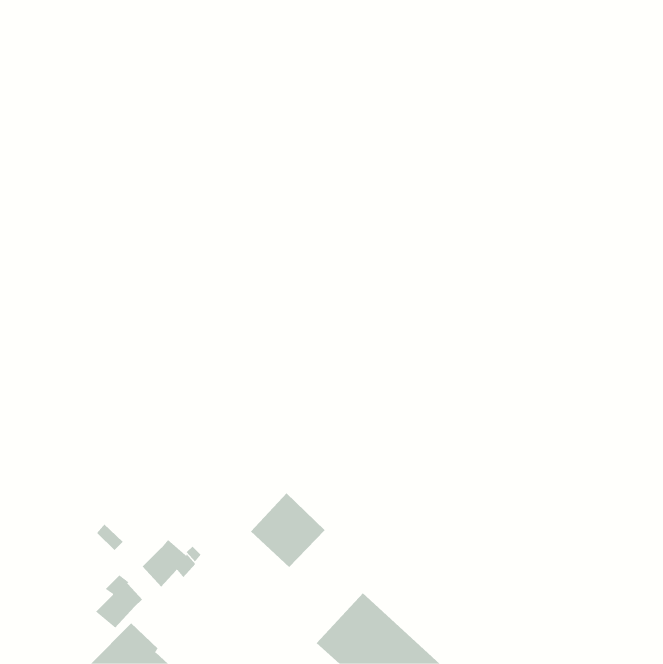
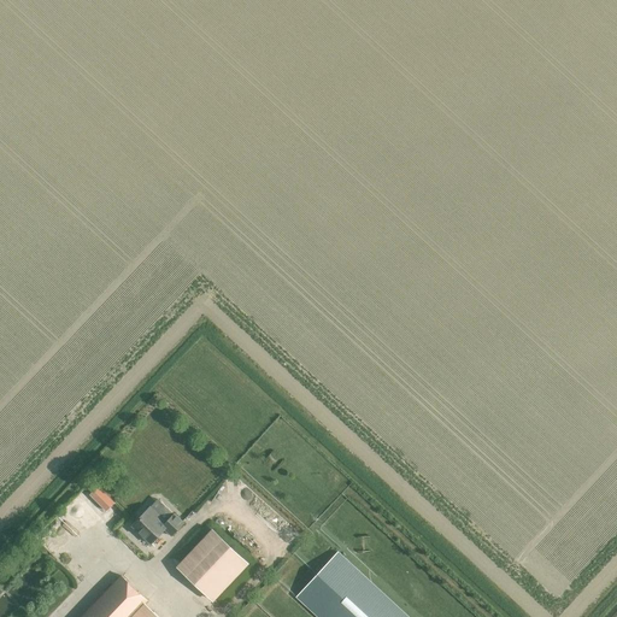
building: [250,492,326,568] -> [176,530,246,600]
building: [95,574,143,629] -> none

